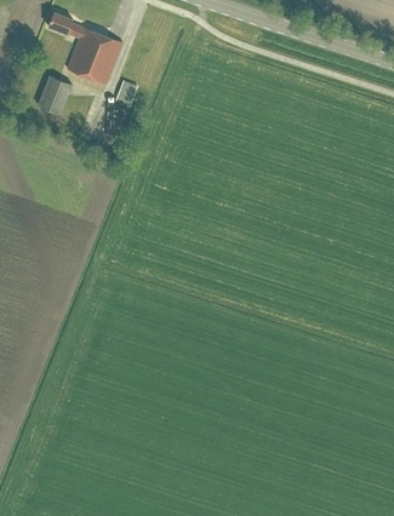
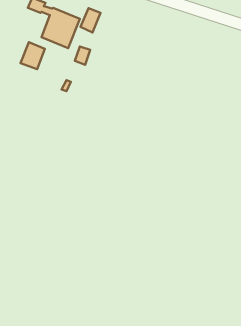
building: none -> [80,8,101,33]

